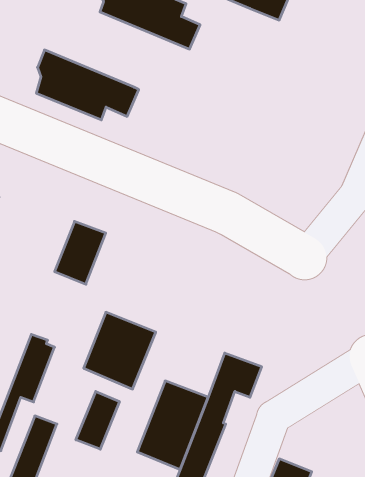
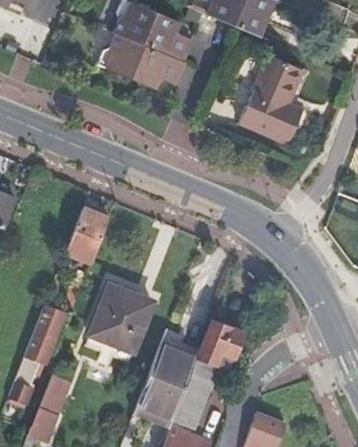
building: none -> [239,54,303,143]
building: [36,50,139,120] -> [98,29,186,89]
building: [76,391,119,449] -> none

